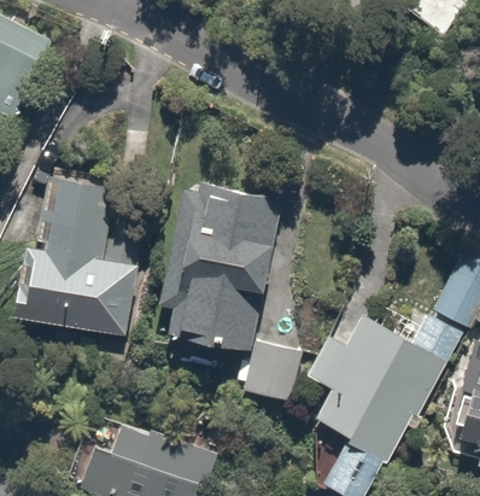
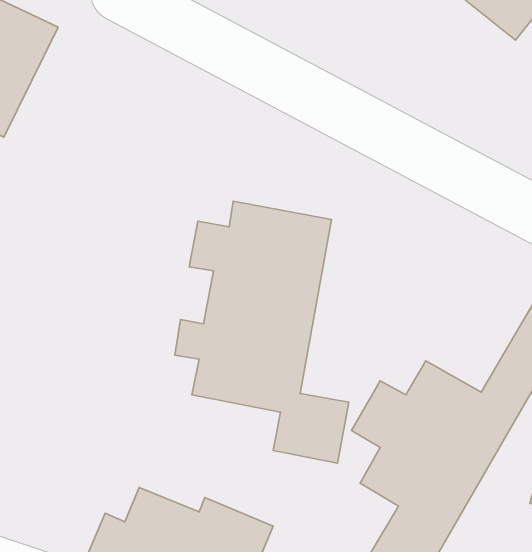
building: [11,167,139,338] -> none

